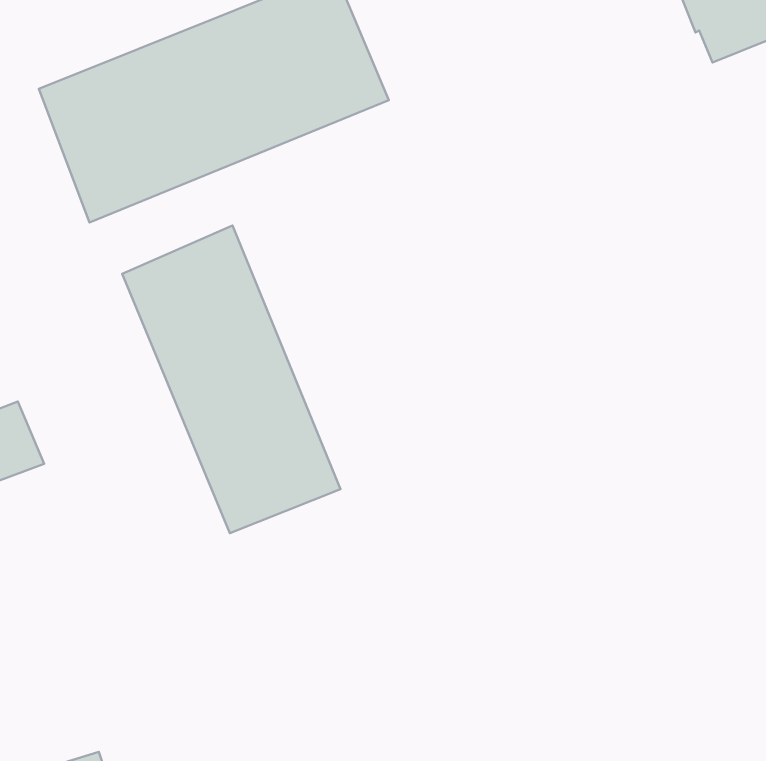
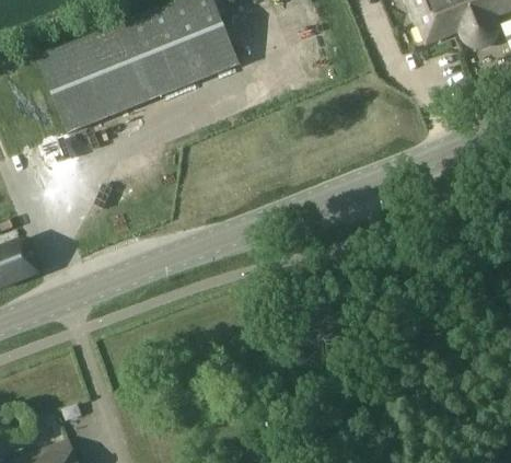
building: [122,225,340,533] -> none

